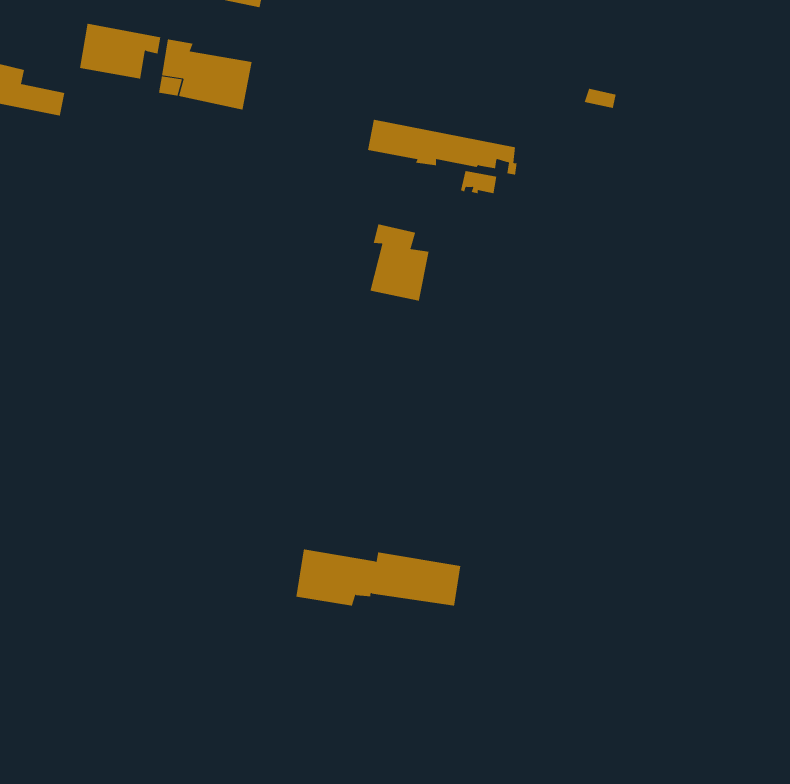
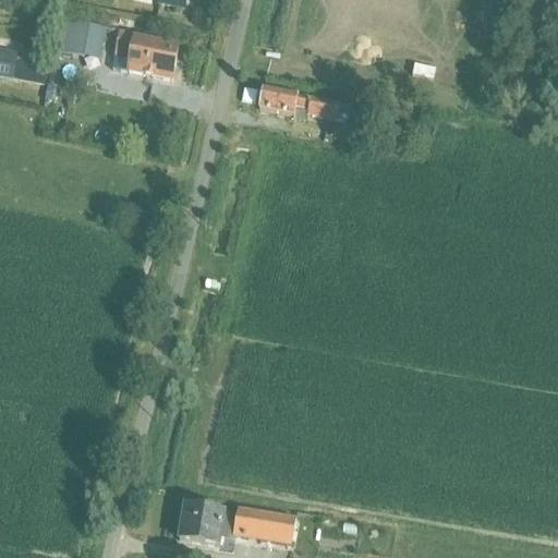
building: [370,223,429,302] -> none
building: [295,549,461,606] -> [179,504,295,544]

